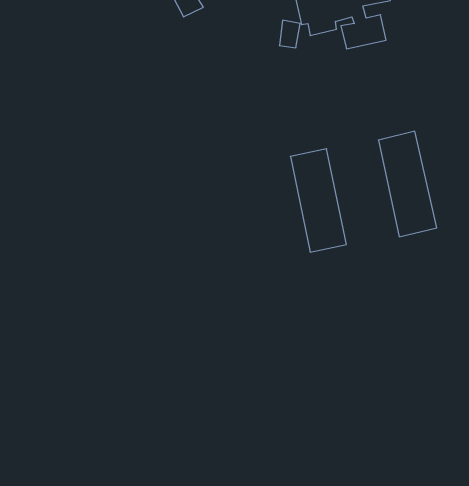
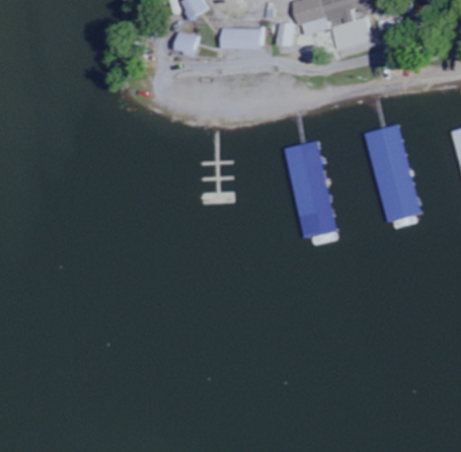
building: none -> [218,26,260,48]
building: none -> [171,29,198,55]

